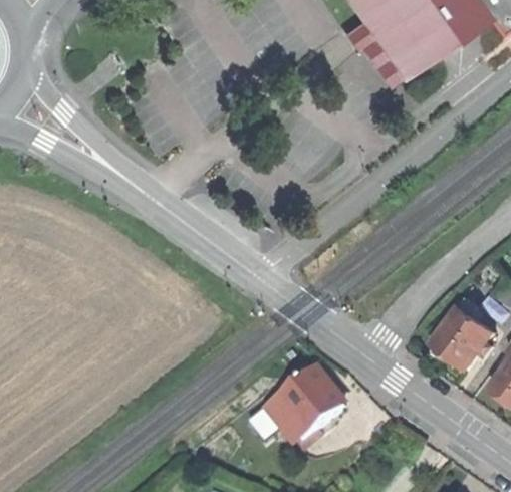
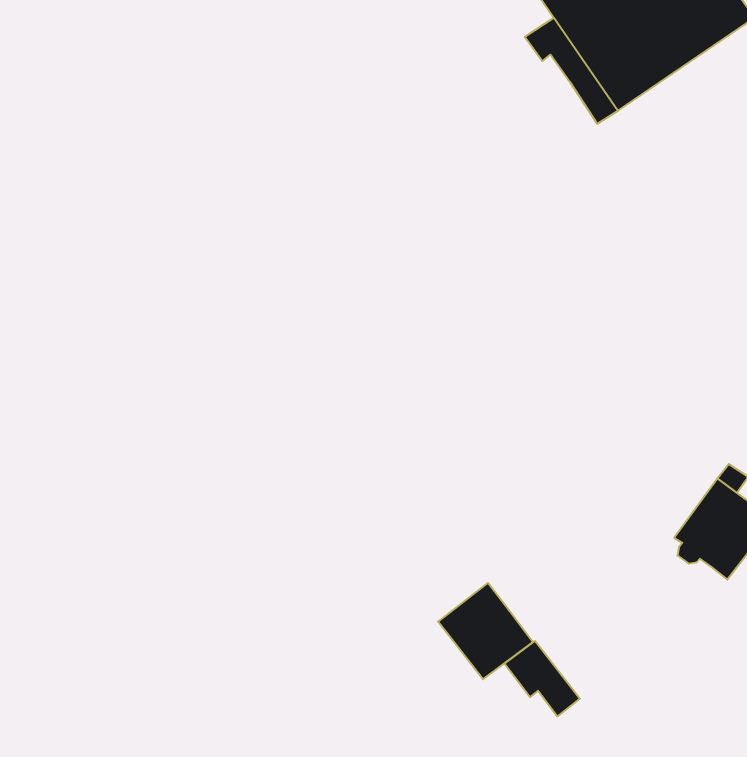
building: [267,392,314,439] -> [504,641,580,716]

